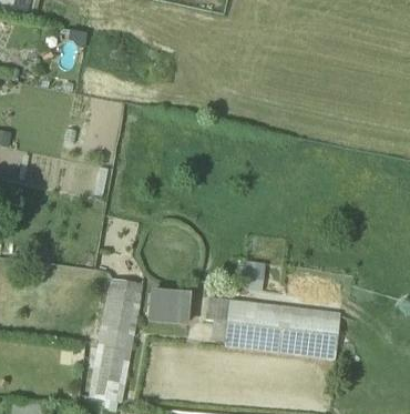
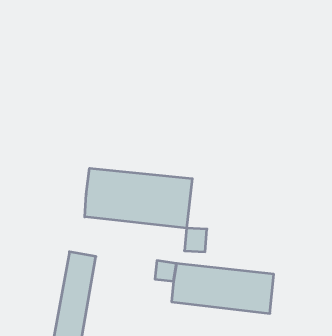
building: none -> [85,168,192,228]
building: [147,296,189,326] -> none

